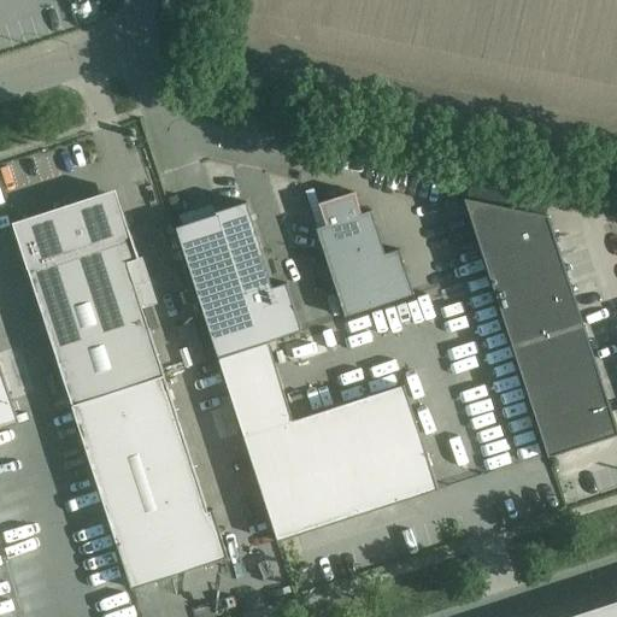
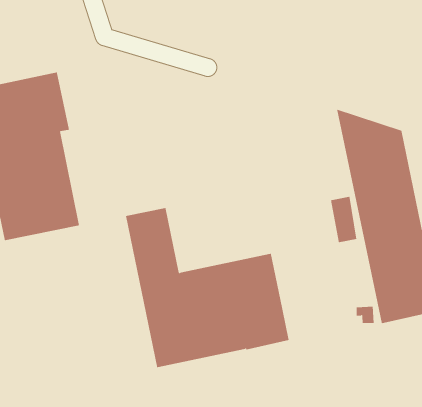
building: [315,192,412,316] -> none
building: [175,202,300,357] -> none
building: [71,376,227,588] -> none

